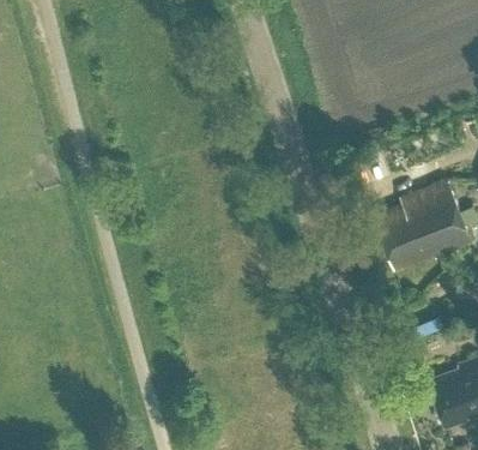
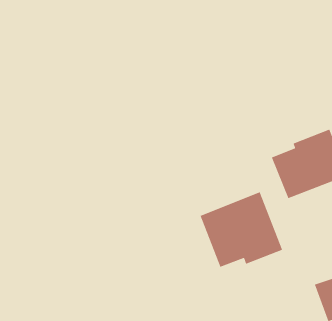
building: none -> [200,191,283,268]

